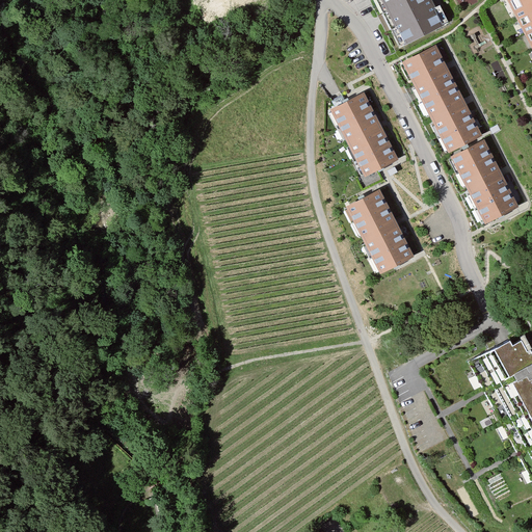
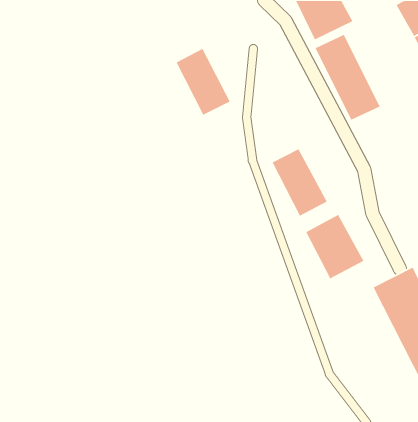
building: [328,90,398,176] -> [175,48,231,116]
building: [451,137,523,221] -> none
building: none -> [305,214,365,280]

